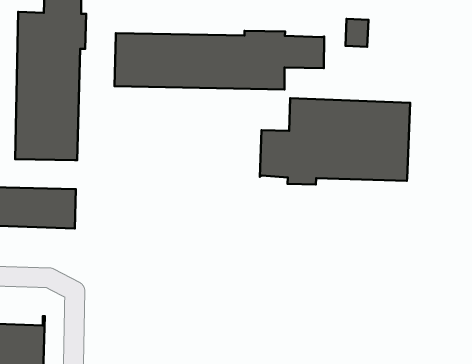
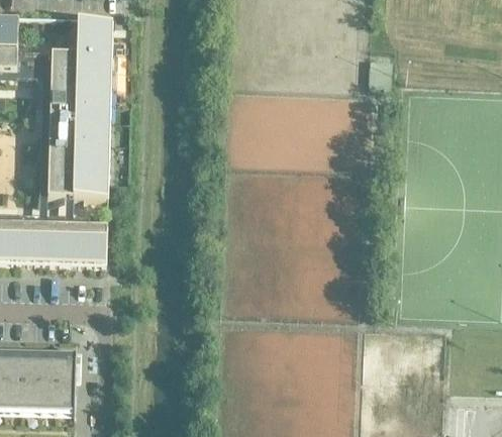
building: [115,31,324,90] -> none
building: [260,98,410,185] -> none

